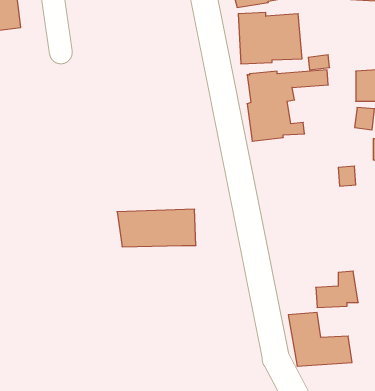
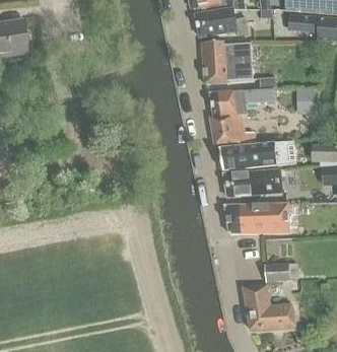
building: none -> [219,140,290,169]
building: none -> [224,168,282,195]
building: [117,209,196,247] -> [225,202,289,232]

